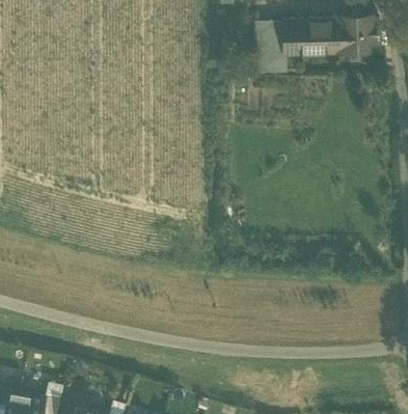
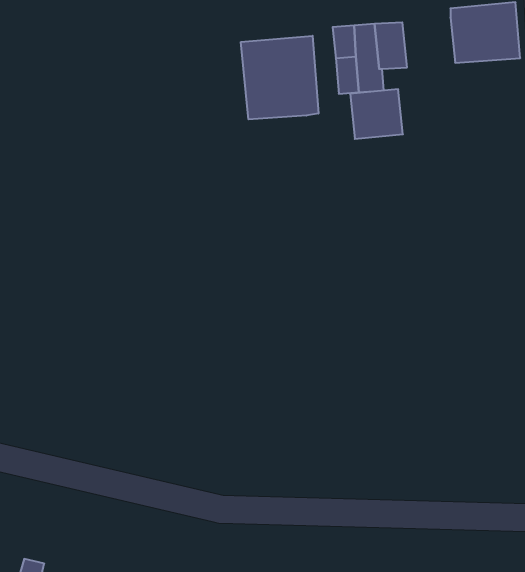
building: [303,19,338,52] -> [350,89,403,139]
building: none -> [241,36,318,119]

